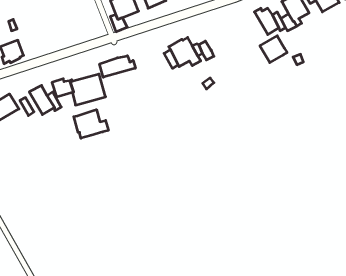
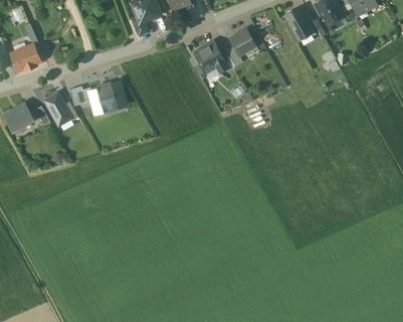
building: none -> [229,28,256,55]
building: [260,36,287,63] -> none
building: [100,56,135,77] -> none
building: [74,110,108,138] -> none

